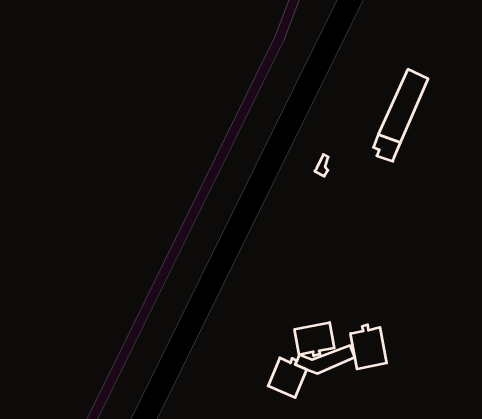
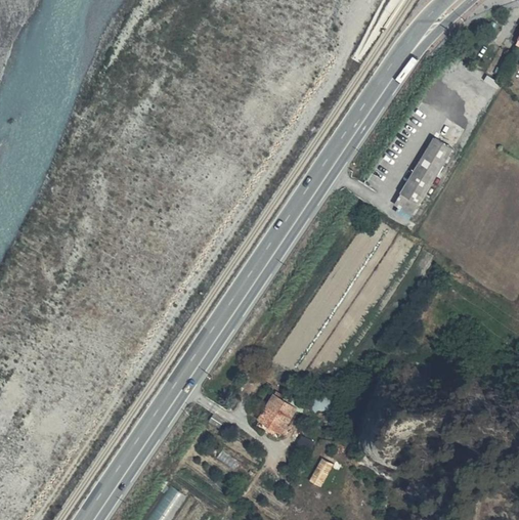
building: [295,322,334,356] -> none
building: [351,325,387,369] -> none

